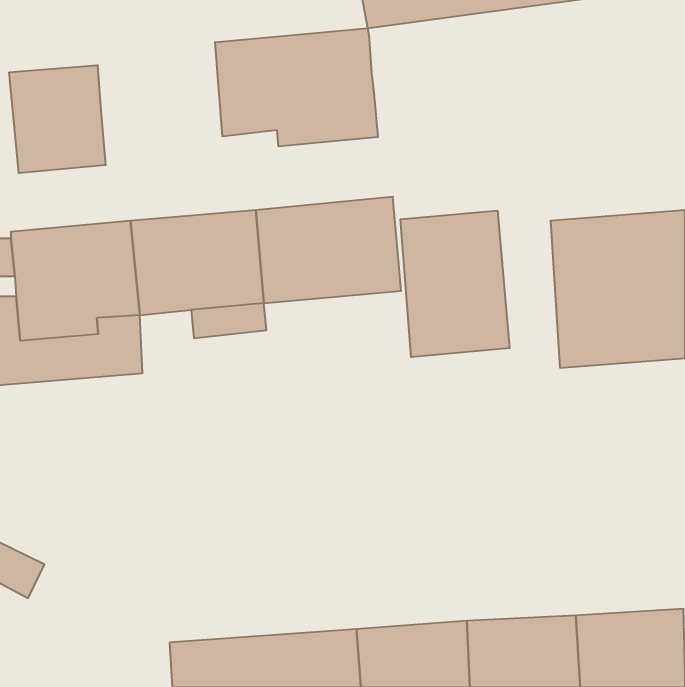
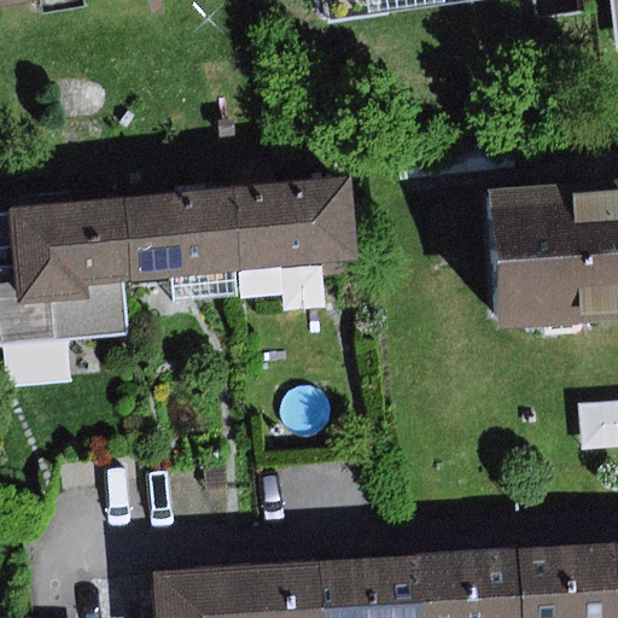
building: [215,28,378,146] -> none
building: [9,65,106,173] -> none
building: [400,211,510,357] -> none

